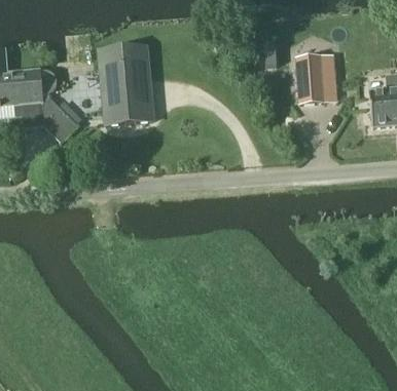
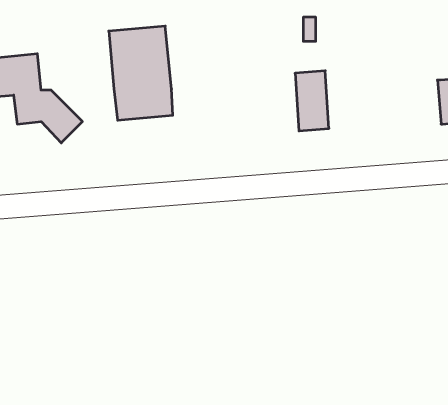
building: [297,54,325,104] -> [295,71,329,131]

